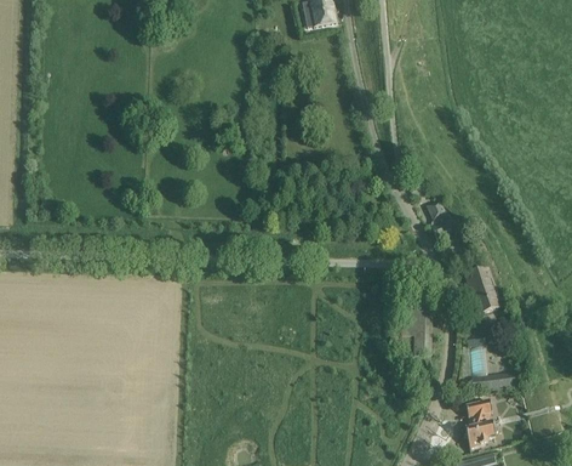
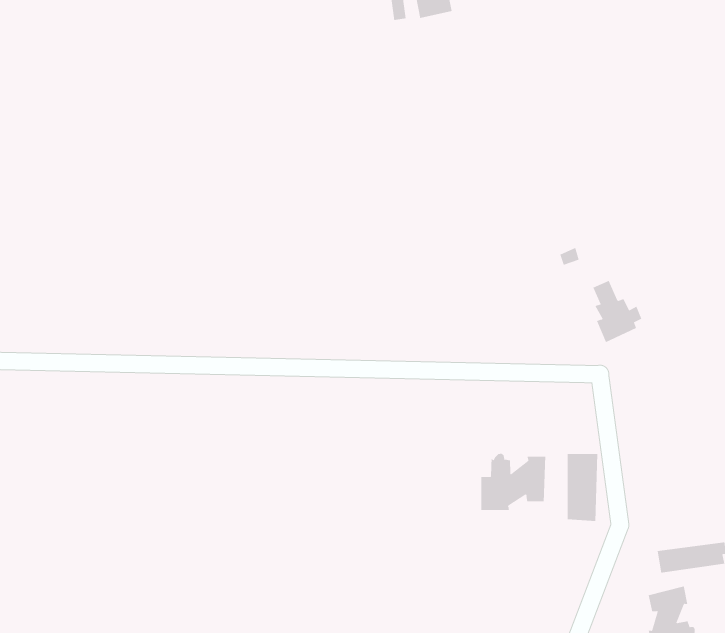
building: [464,266,499,313] -> none
building: none -> [481,453,546,511]

